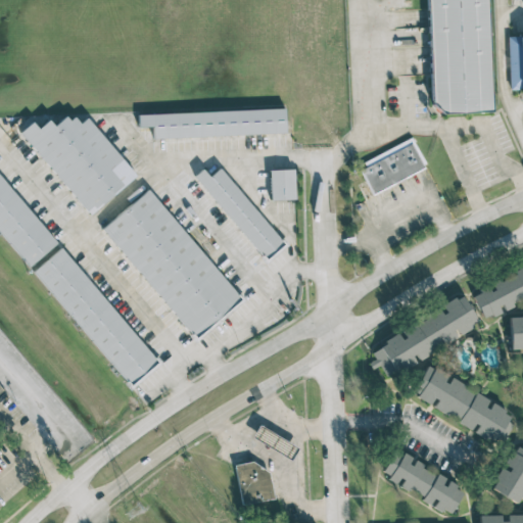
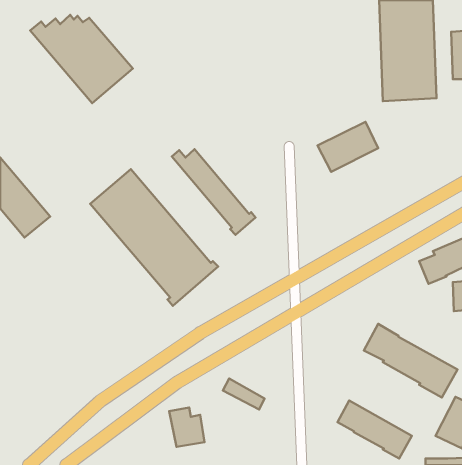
building: [140,108,287,139] -> none
building: [22,115,138,215] -> [30,15,133,103]
building: [271,169,296,200] -> none
building: [35,248,165,391] -> none
building: [370,294,480,379] -> none
building: [236,461,276,505] -> [169,408,205,447]

